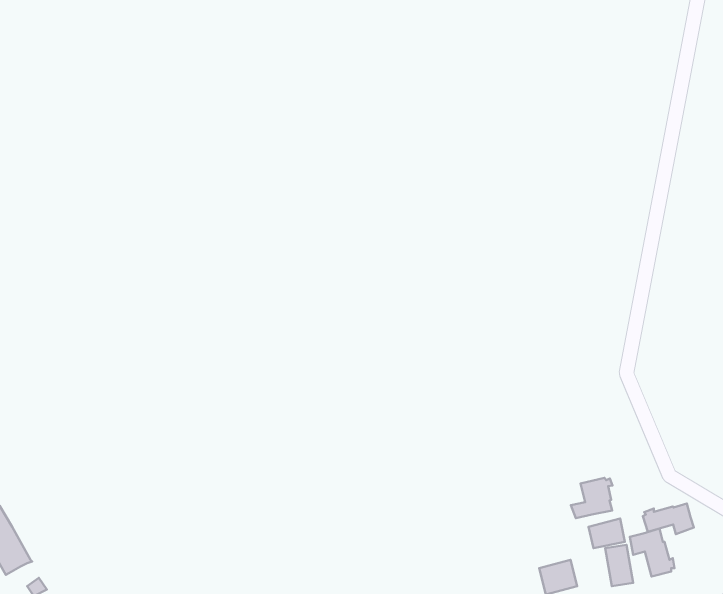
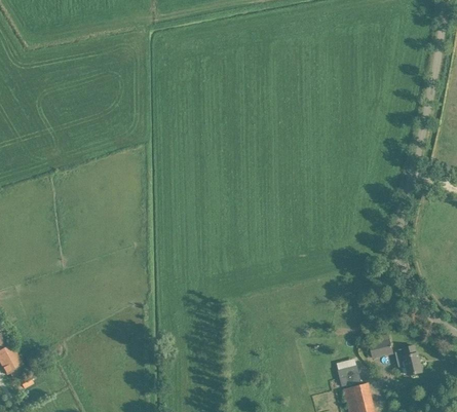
building: [571,478,613,518] -> none
building: [643,504,694,534] -> none

